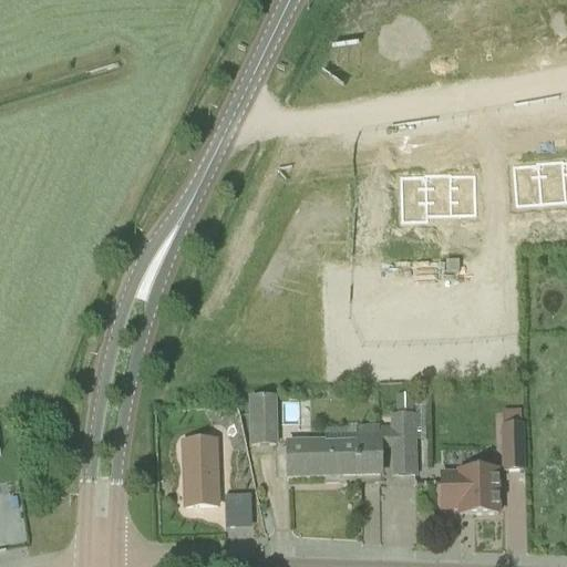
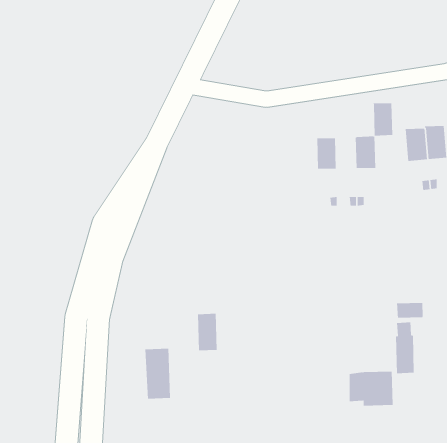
building: [424,172,451,214] -> [372,103,393,136]
building: none -> [397,302,423,318]
building: [288,392,415,474] -> none
building: [225,491,254,525] -> none

